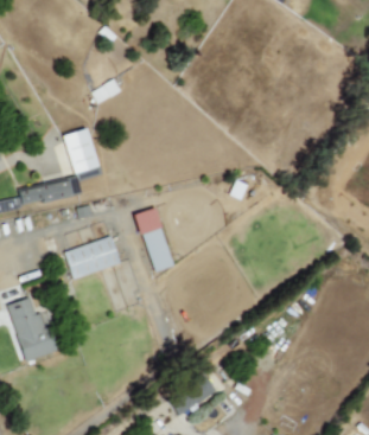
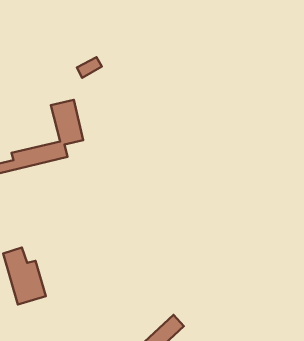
building: [135,207,173,271] -> none
building: [64,236,120,279] -> none

